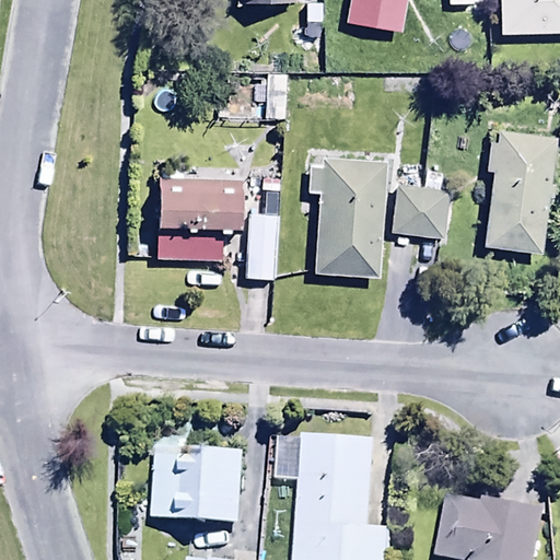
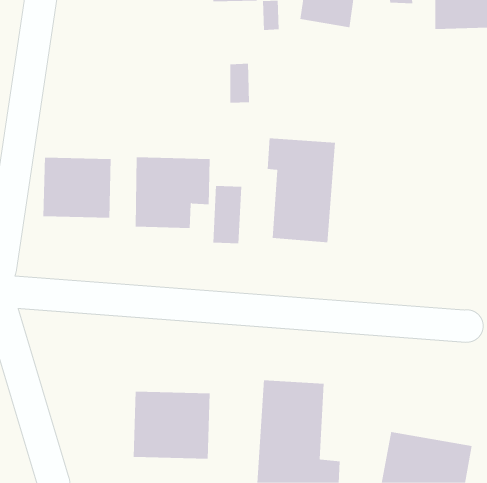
building: [481,131,555,254] -> none
building: [388,168,454,238] -> none
building: none -> [43,157,111,218]

